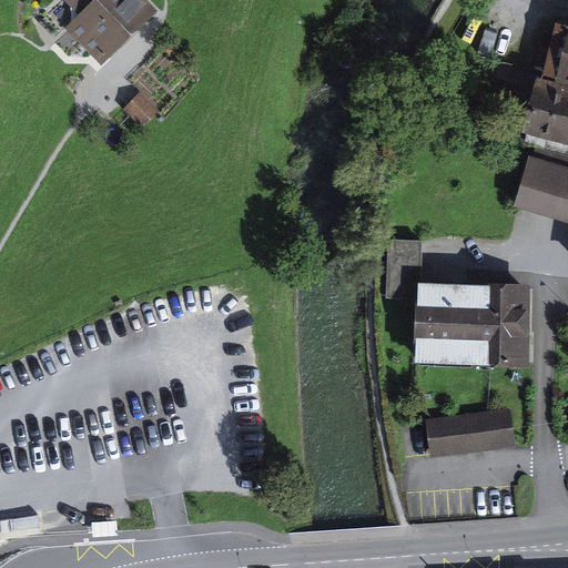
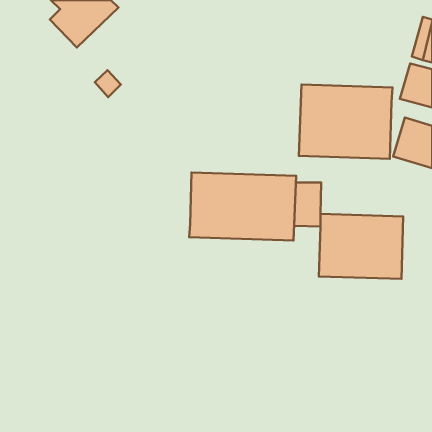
building: none -> [299,85,393,159]
building: none -> [189,172,296,241]
building: [426,409,514,457] -> none

